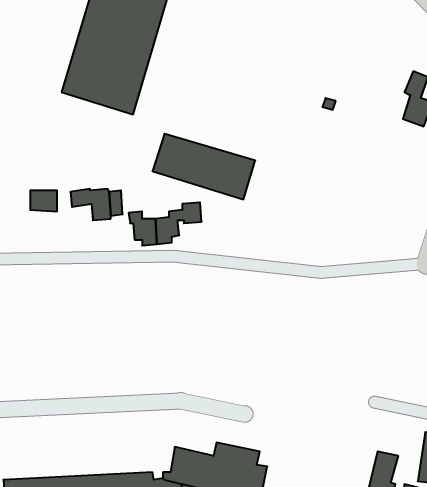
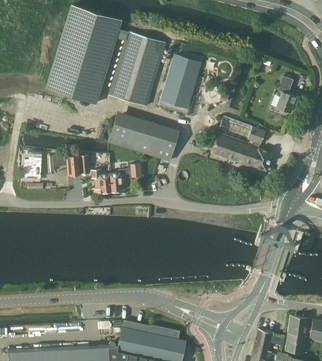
building: none -> [109,33,165,107]
building: none -> [160,55,195,107]
building: none -> [211,118,271,171]

